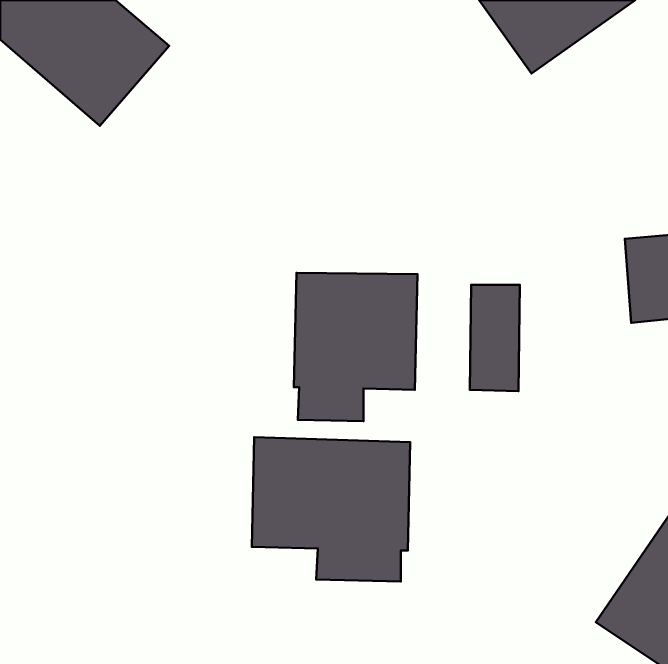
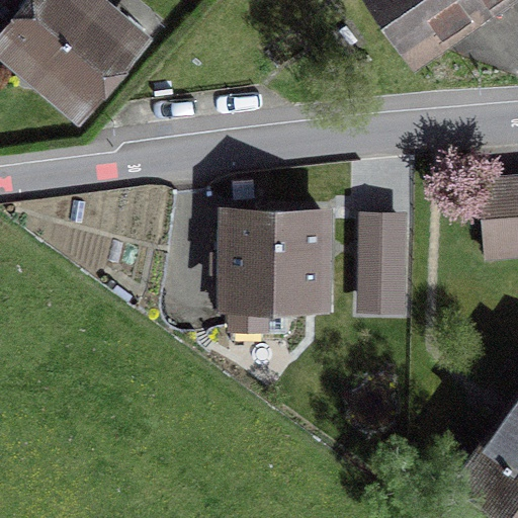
building: [252,437,410,582] -> none

